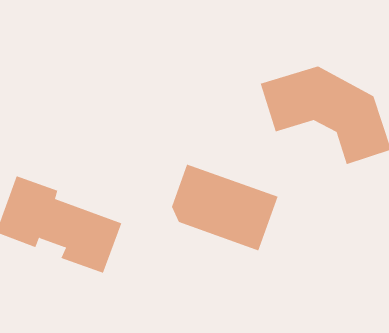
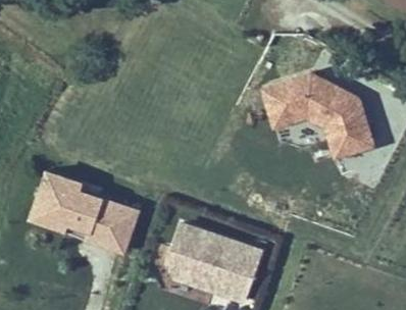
building: [171,164,279,251] -> [168,224,262,301]

